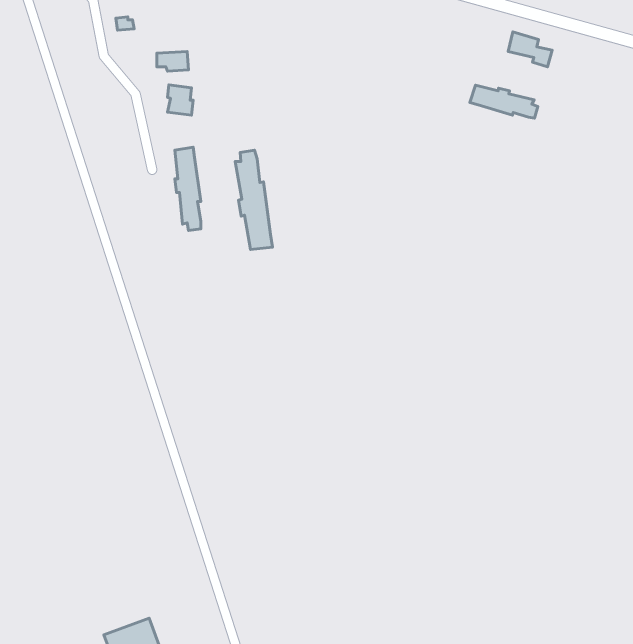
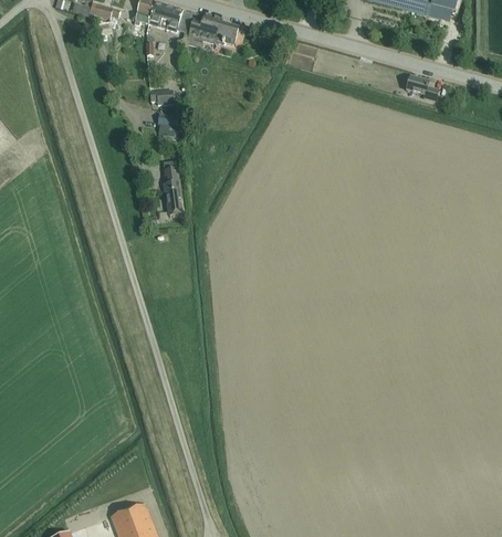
building: [470,85,538,118] -> none
building: [235,150,272,249] -> none

